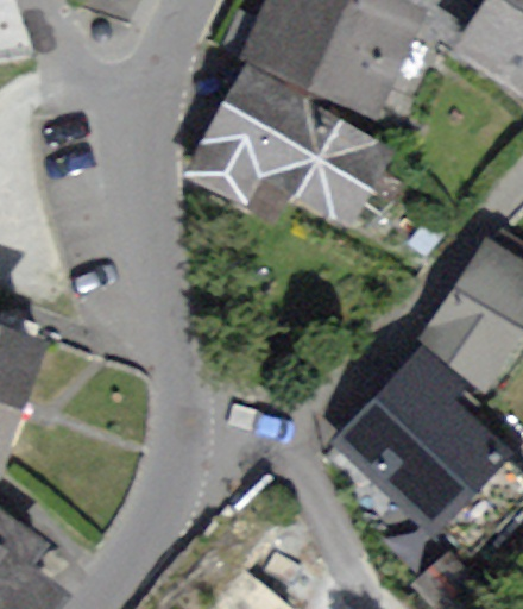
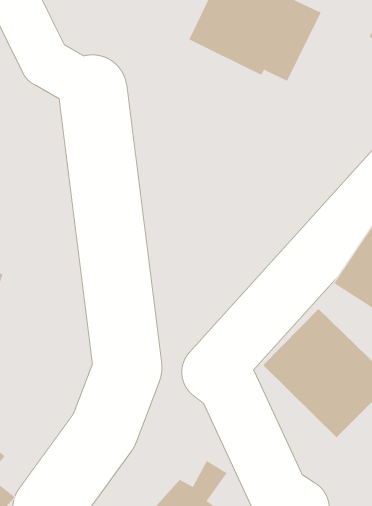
building: [194,79,377,215] -> none

